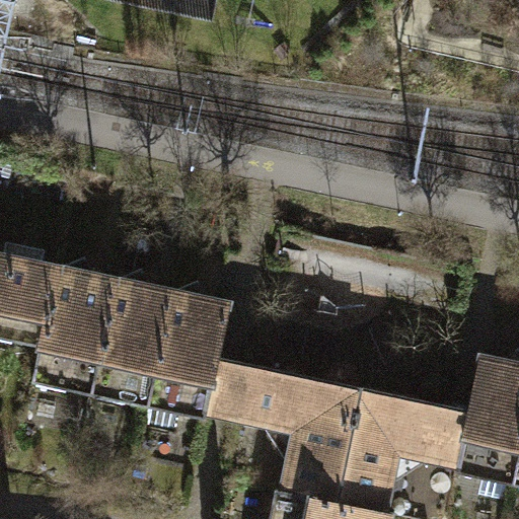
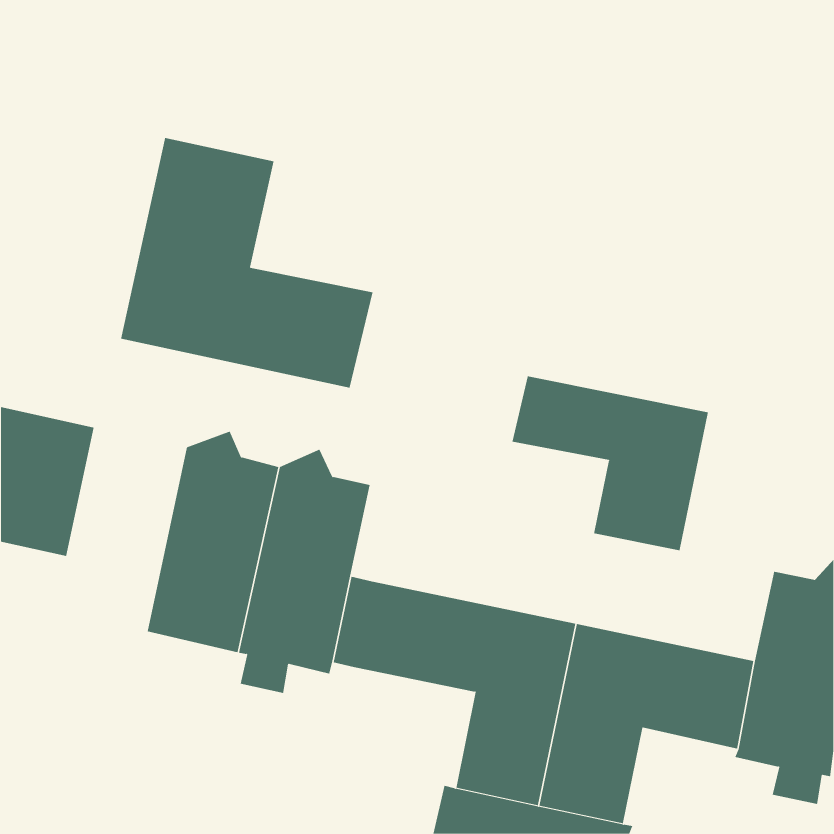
building: none -> [121,137,373,388]
building: none -> [512,375,708,551]
building: [33,255,116,392] -> none

